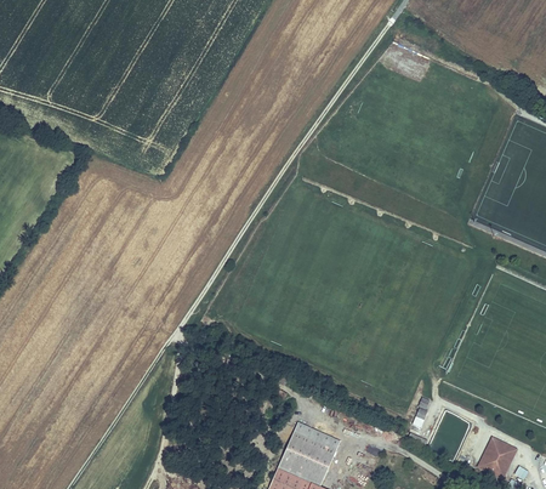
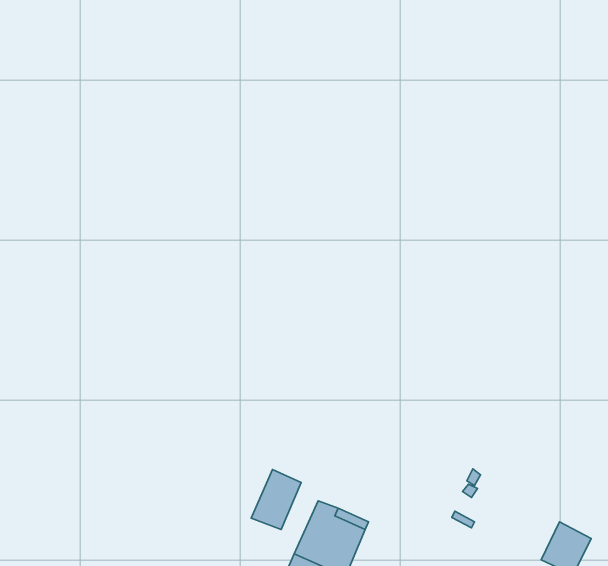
building: none -> [251,470,301,529]

